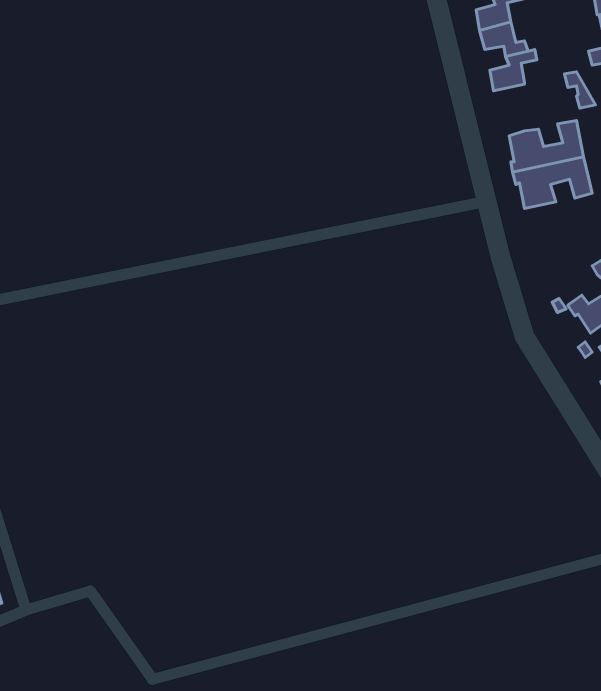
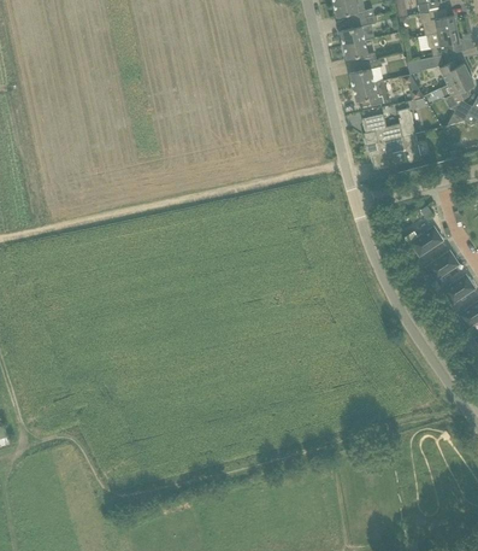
building: none -> [353,78,390,105]

